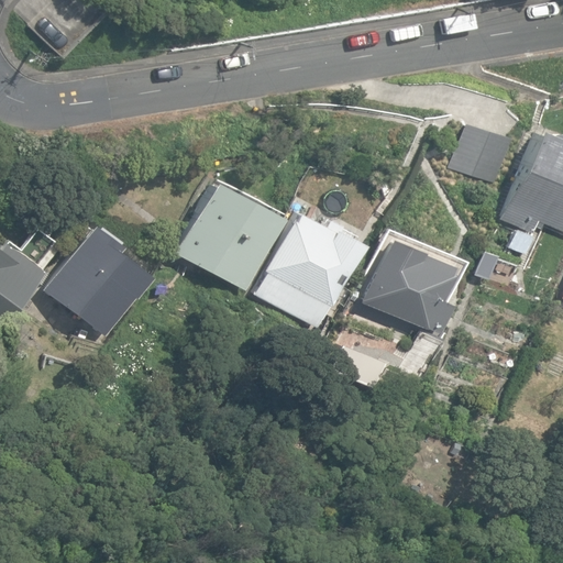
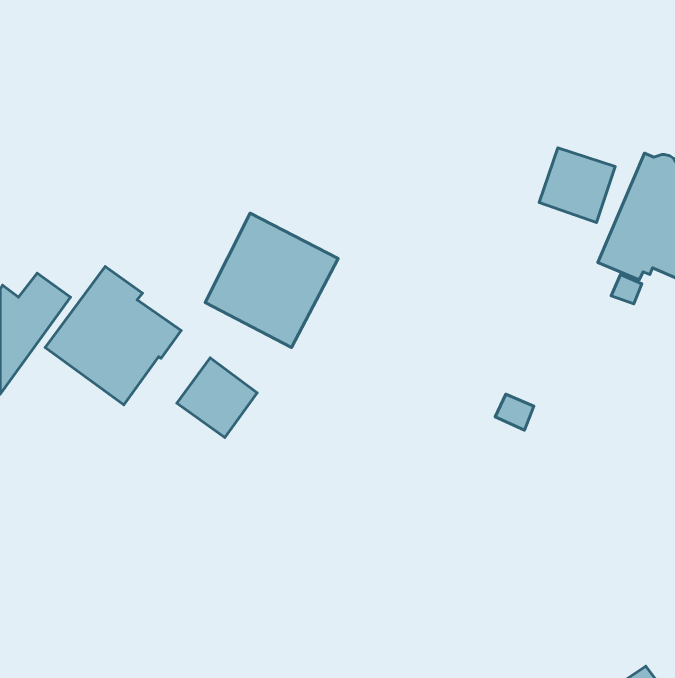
building: [254,211,366,328] -> none
building: [361,234,454,333] -> none
building: none -> [177,358,257,438]

